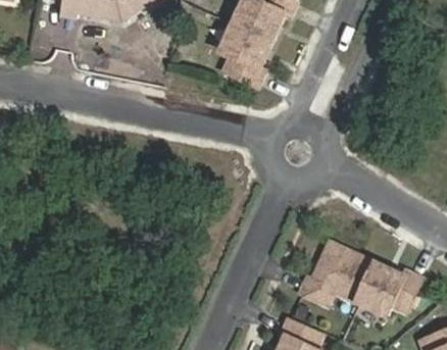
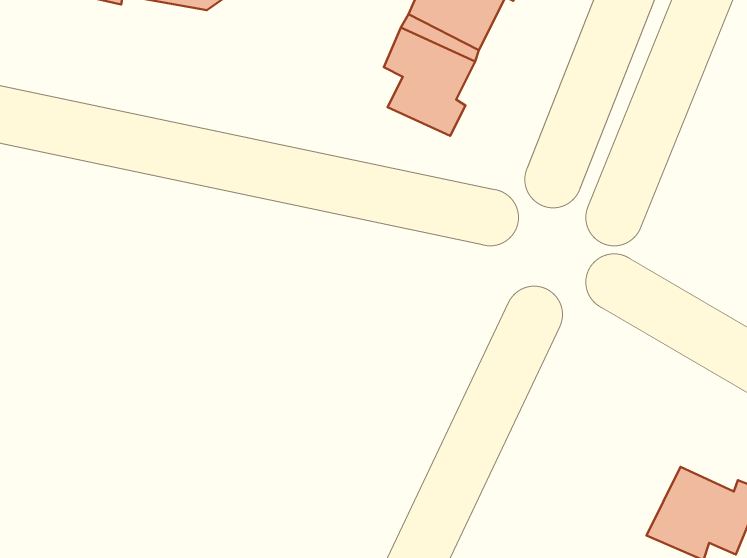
building: [300,244,374,304] -> none

